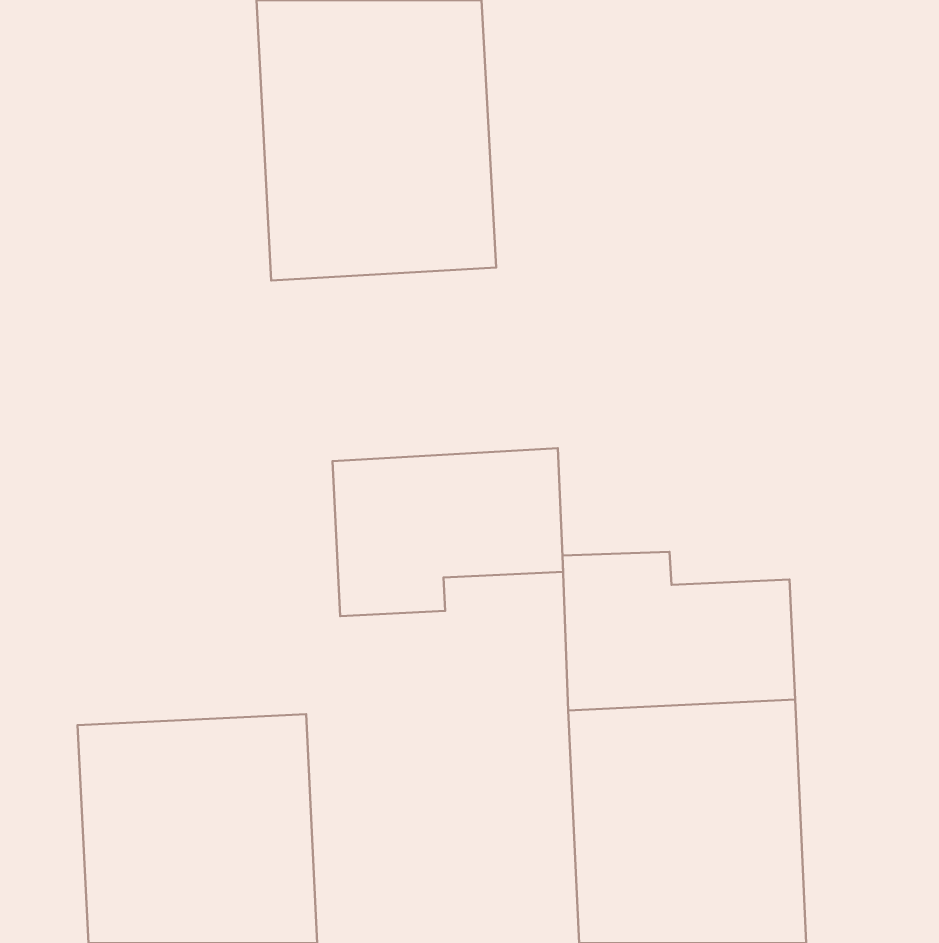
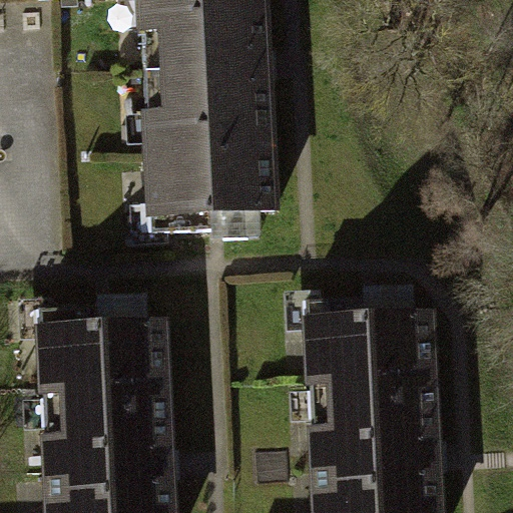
building: [333,448,563,616] -> [147,145,273,236]
building: none -> [37,308,166,394]

